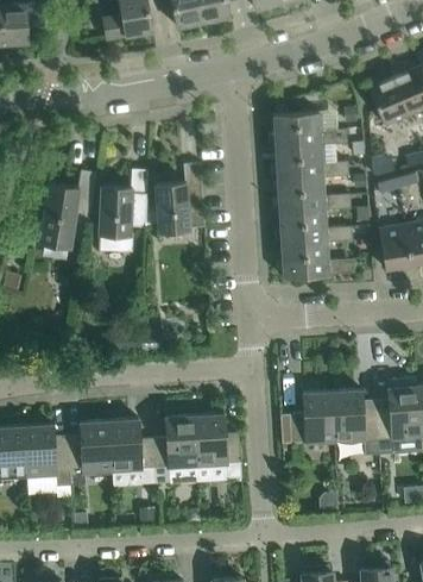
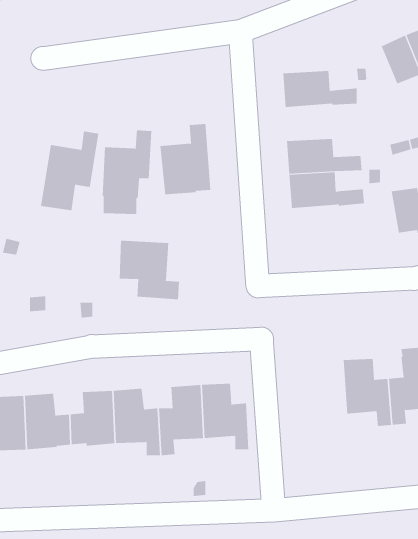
building: [276,144,348,180] -> none
building: [282,242,354,279] -> none
building: none -> [119,240,180,300]
building: [280,392,335,445] -> none

